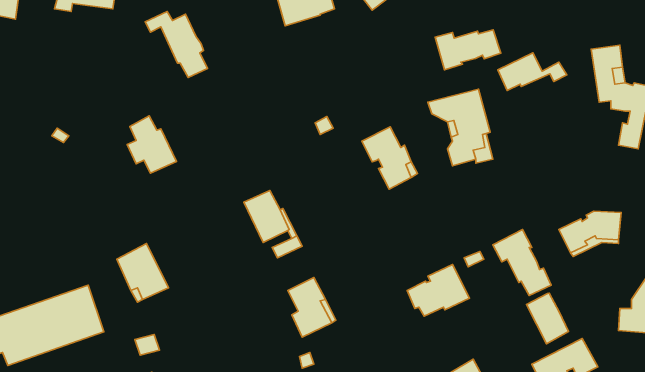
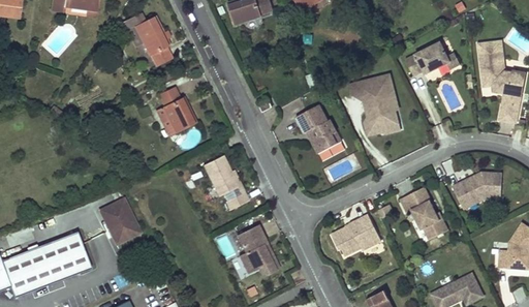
building: [435,30,501,70] -> none
building: [127,116,176,173] -> [157,86,196,131]
building: [526,293,568,344] -> none

